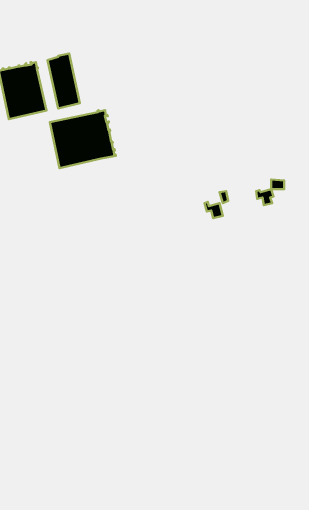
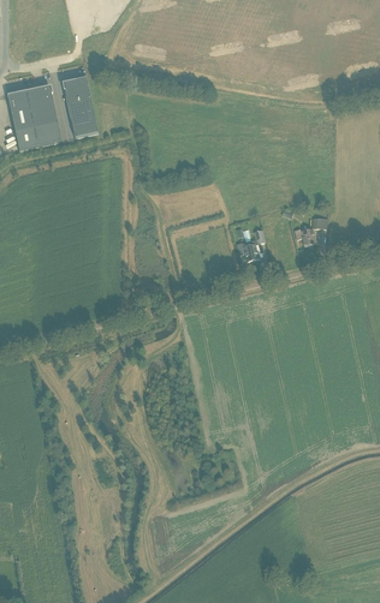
building: [50,110,116,168] -> none

